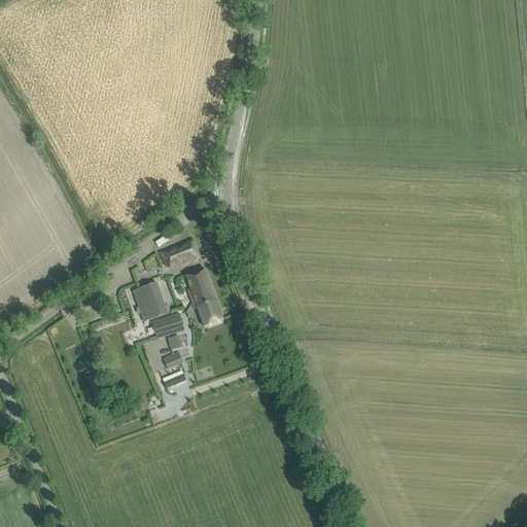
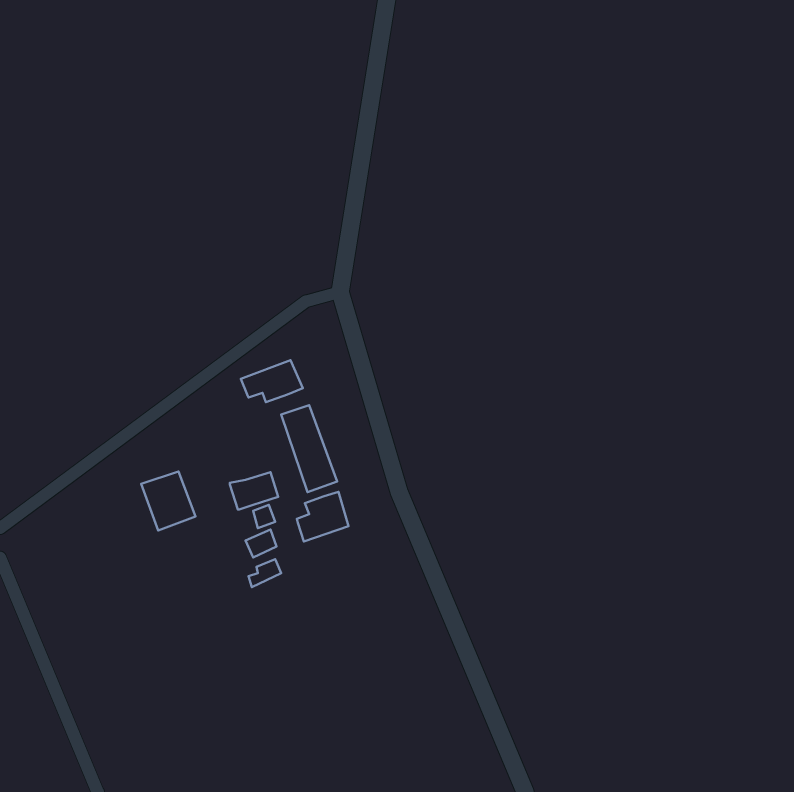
building: [133,282,169,321] -> [141,471,196,530]
building: none -> [297,492,349,541]

